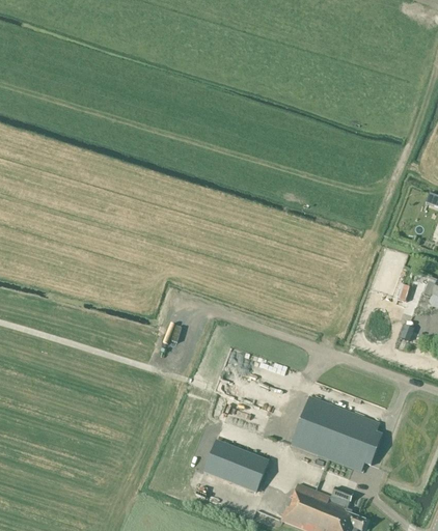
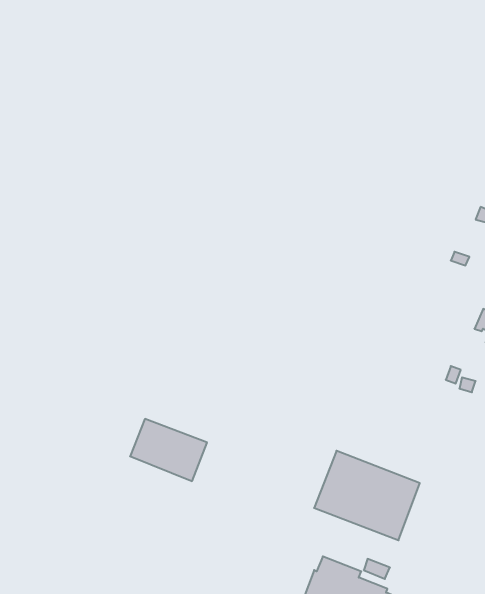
building: [204,441,269,493] -> [130,419,207,481]

